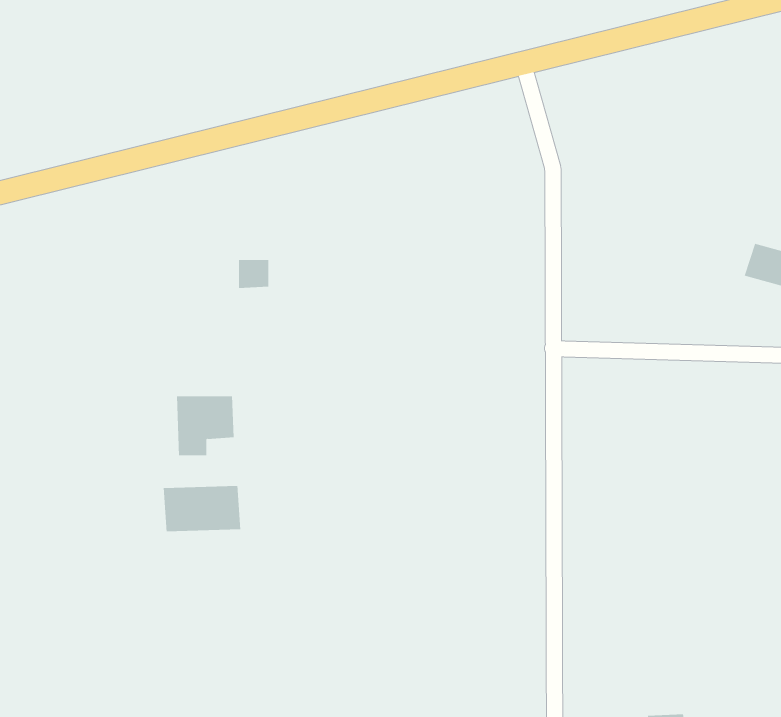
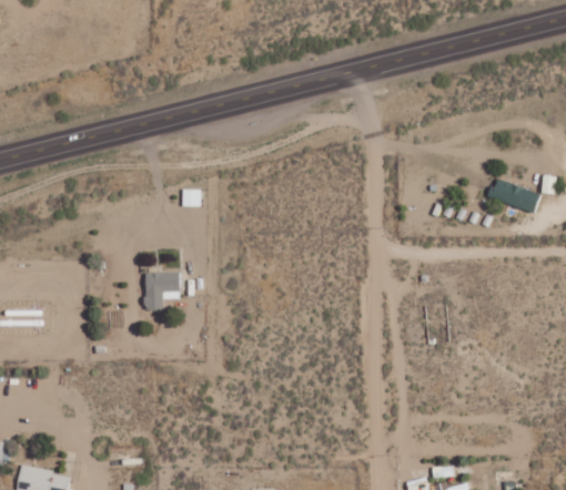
building: [163,485,241,532] -> none

